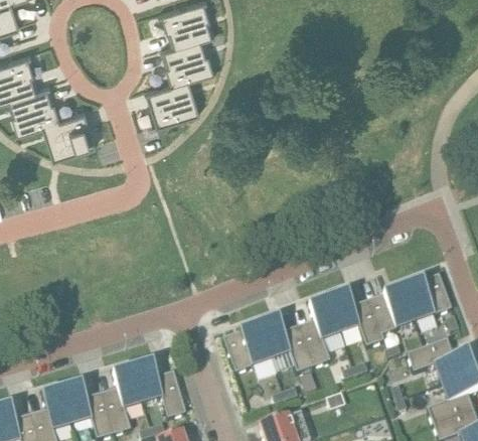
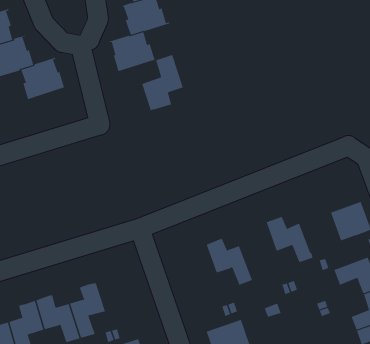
building: none -> [141,54,184,111]
building: [367,287,415,333] -> none
building: [298,298,340,365] -> none
building: [222,324,271,372] -> none
building: [132,361,185,417] -> none

